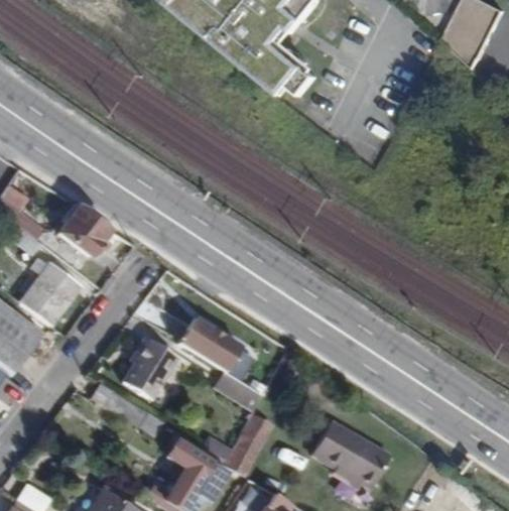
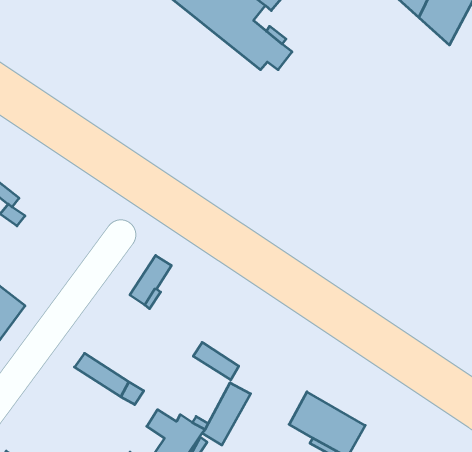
building: [59,203,112,255] -> none
building: [22,259,80,324] -> none
building: [179,316,241,371] -> none
building: [123,339,177,397] -> none

